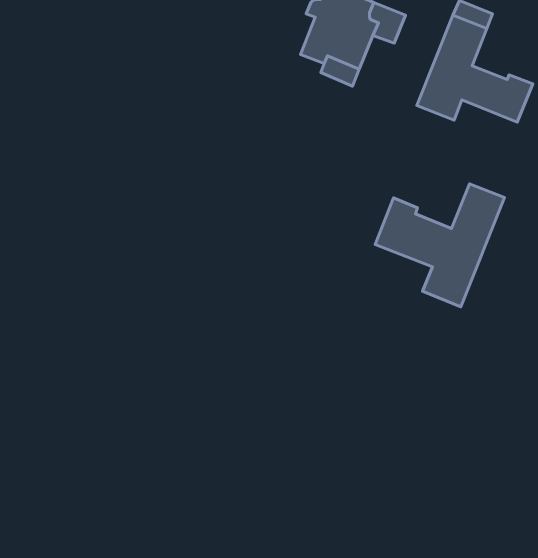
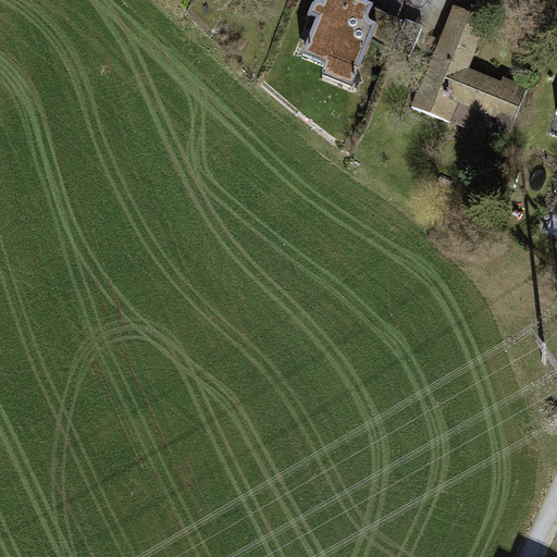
building: [375,184,504,307] -> none

